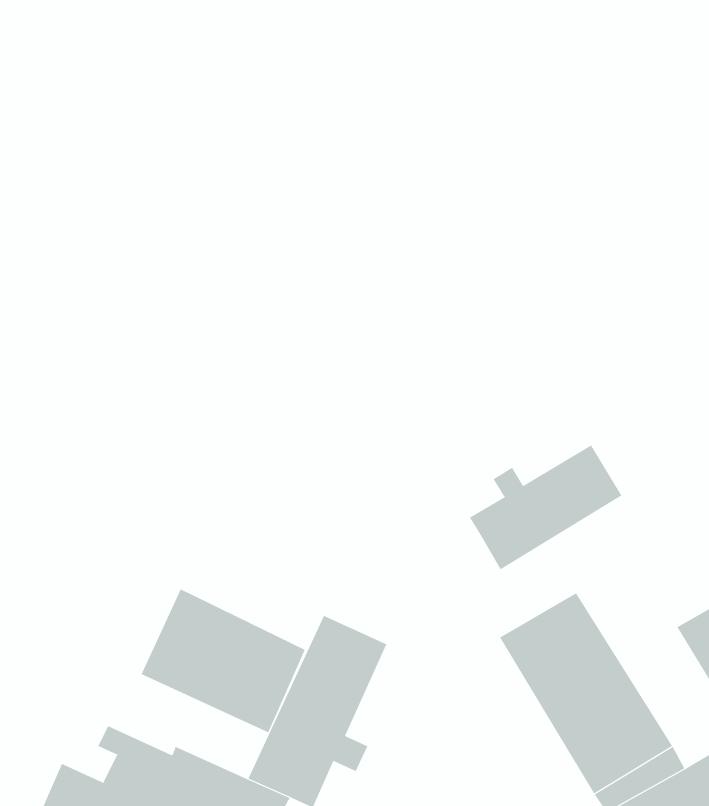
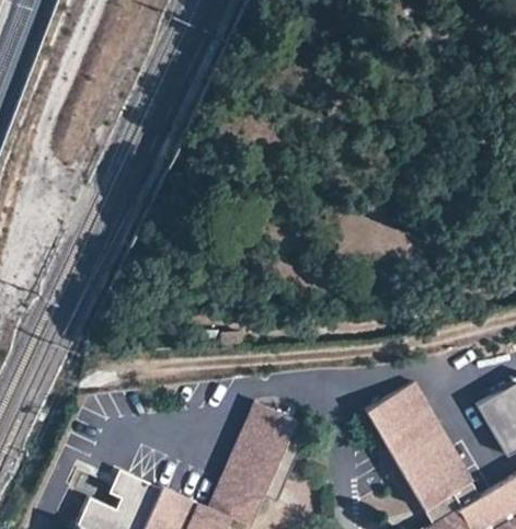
building: [469,444,622,570] -> none
building: [141,589,306,733] -> none

